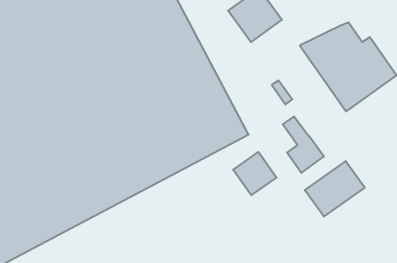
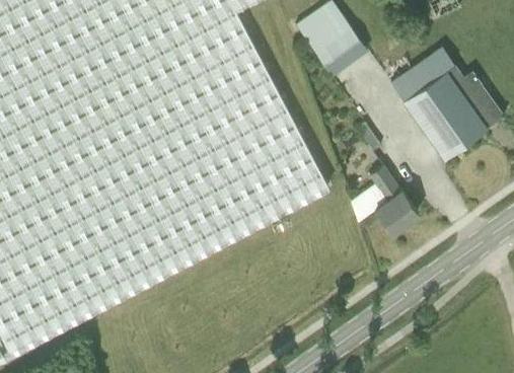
building: [233,152,277,195] -> none
building: [305,161,365,217] -> none

